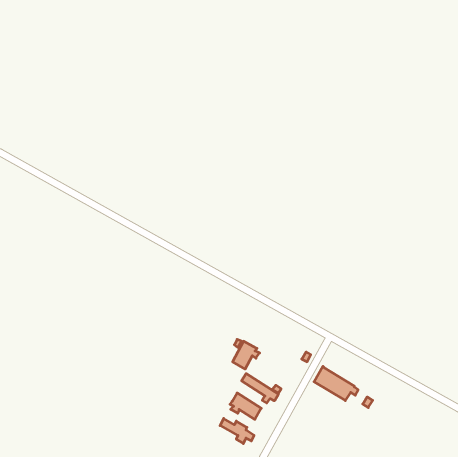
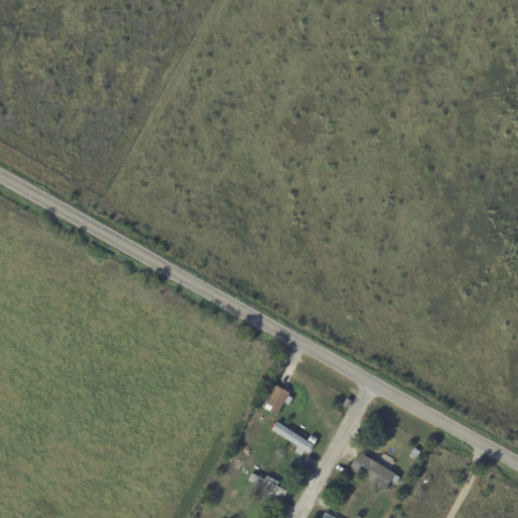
building: [314,366,358,401] -> [349,451,399,490]
building: [230,393,261,419] -> none

